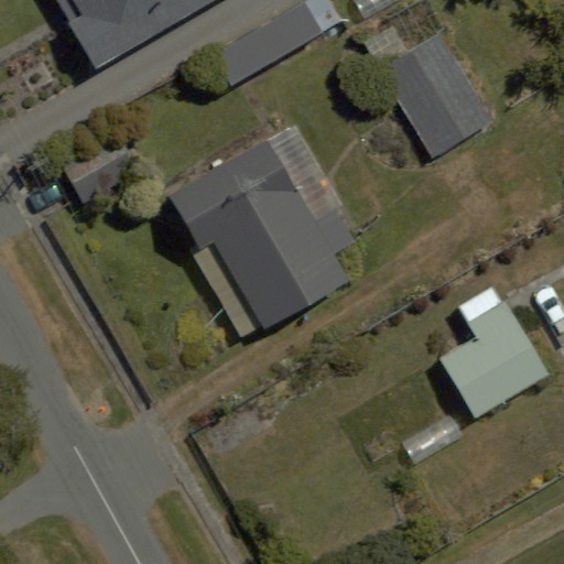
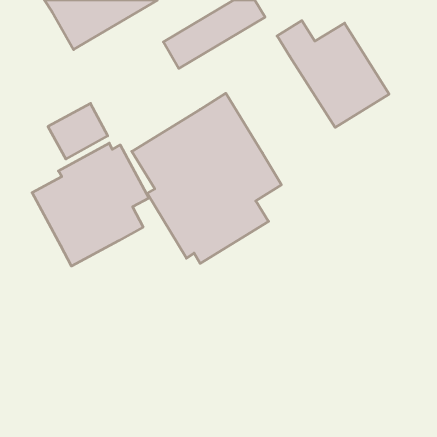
building: none -> [32,143,149,266]
building: [434,286,545,421] -> none

